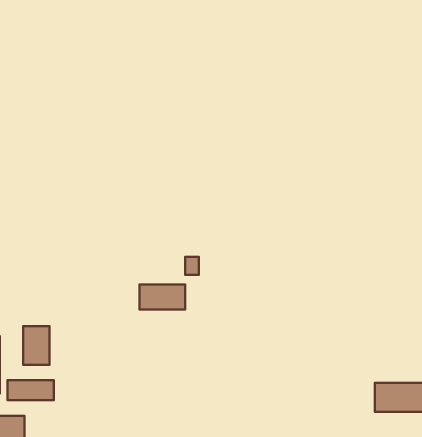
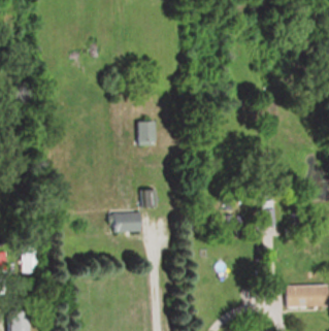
building: none -> [138,122,158,145]
building: [7,380,54,400] -> none

